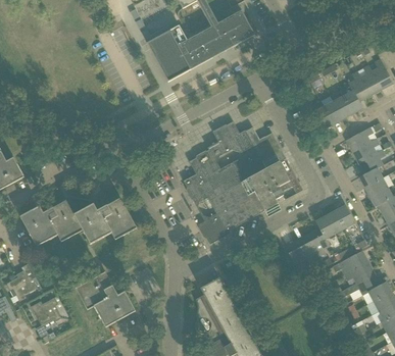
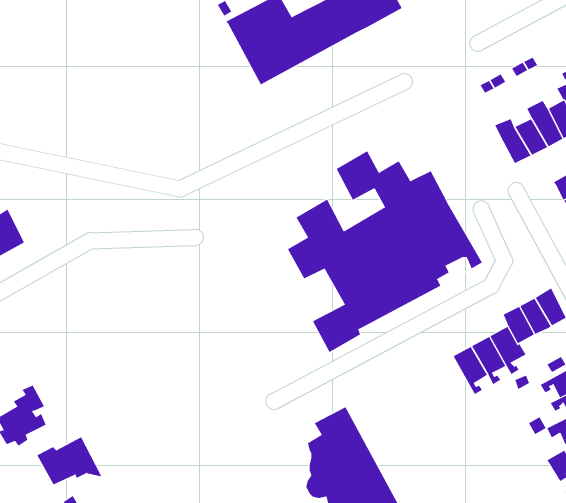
building: [19,197,137,246] -> none
building: [76,271,135,326] -> none

